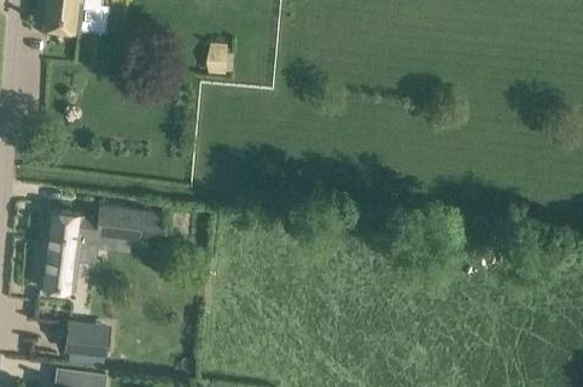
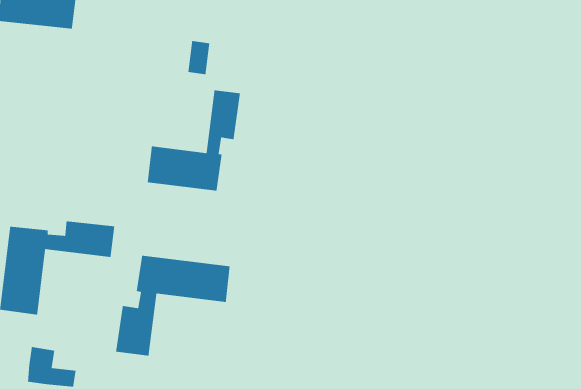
building: none -> [147,89,241,191]
building: none -> [115,255,231,356]

